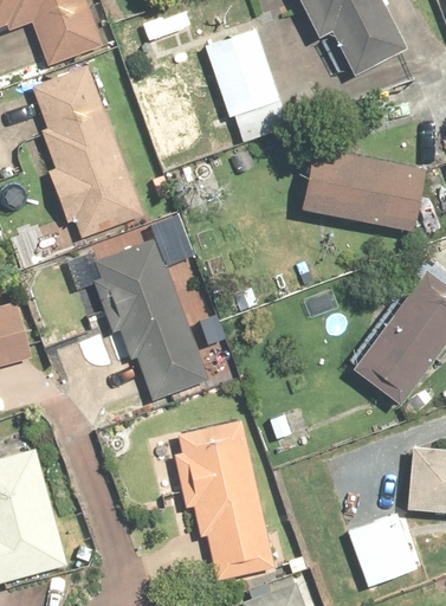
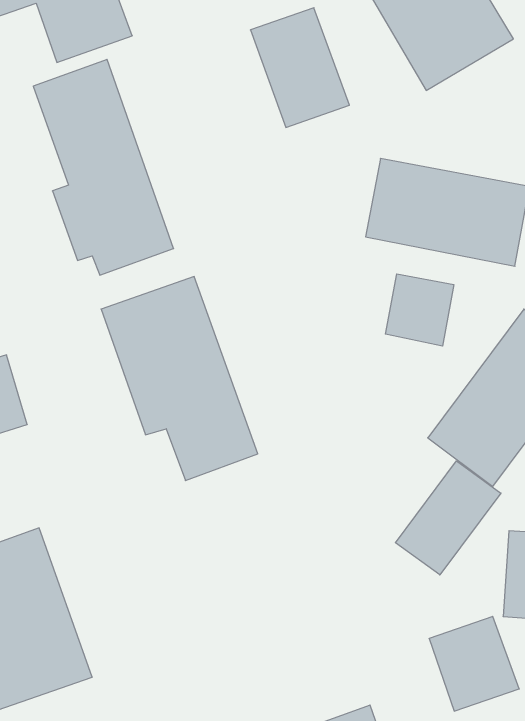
building: none -> [385,274,454,346]
building: none -> [395,461,501,575]
building: [168,421,286,585] -> none

